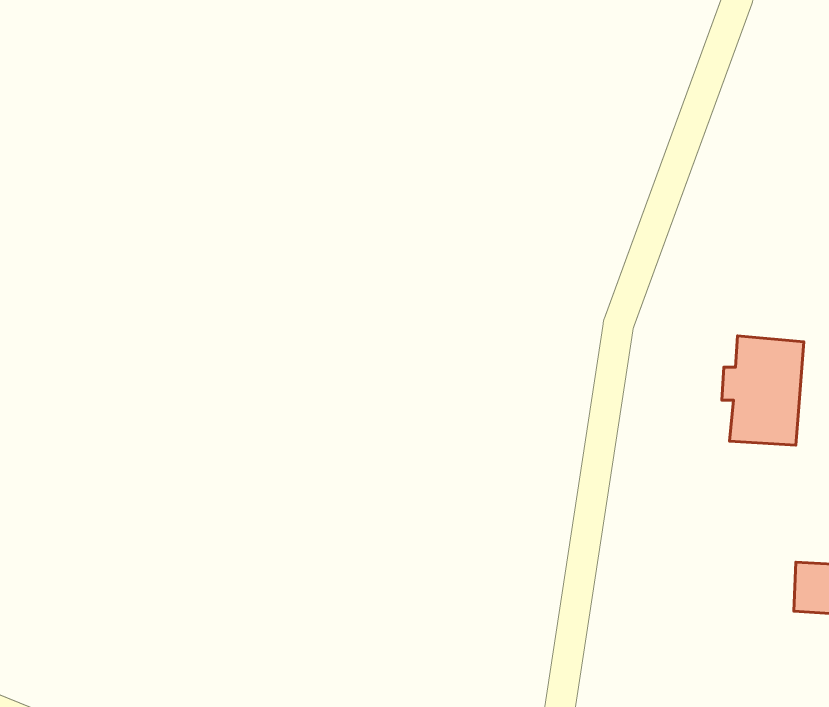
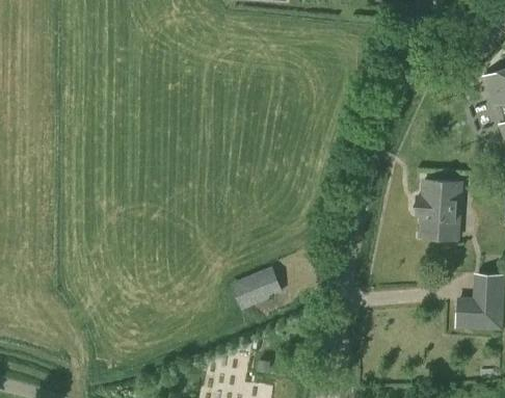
building: none -> [232,267,284,310]

